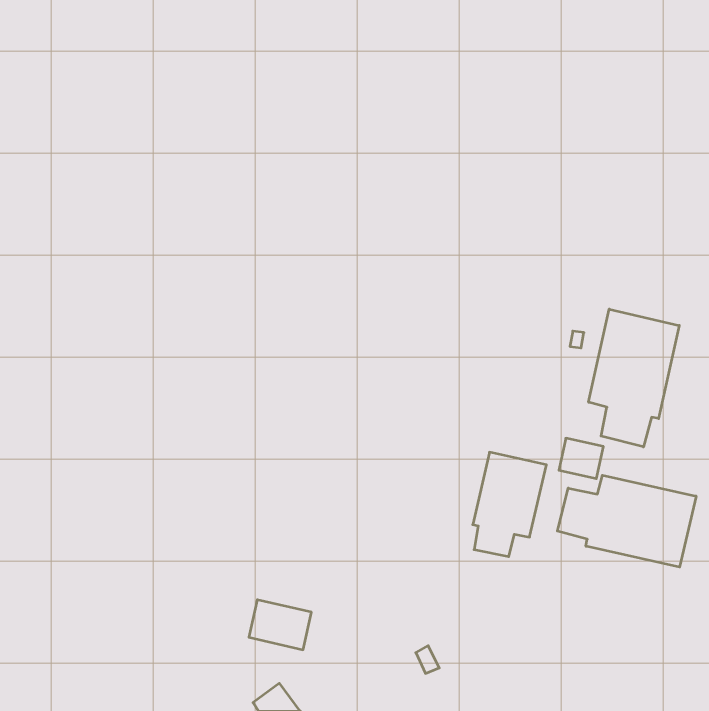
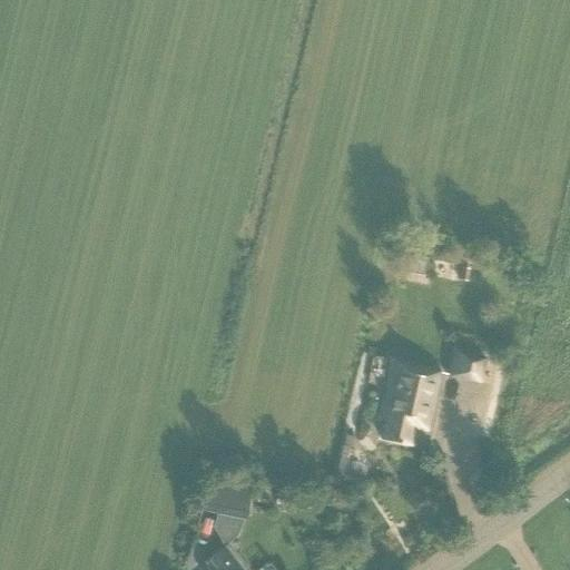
building: [589,309,679,447] -> none
building: [557,475,696,567] -> none

